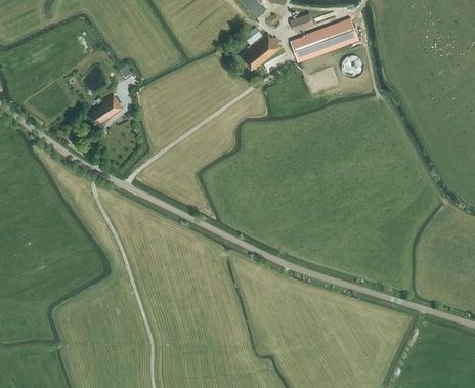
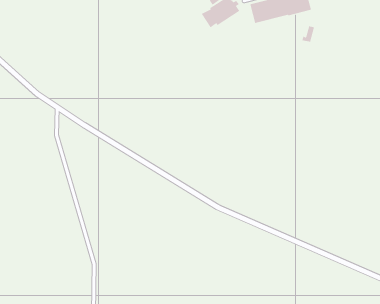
building: [88,94,122,124] -> none

